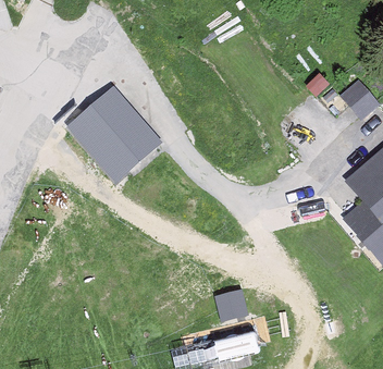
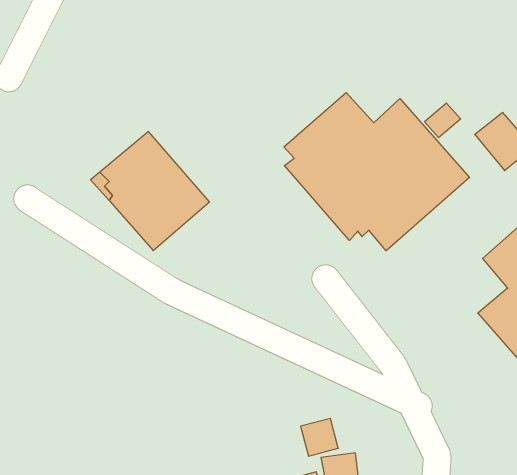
building: none -> [284,93,470,251]

